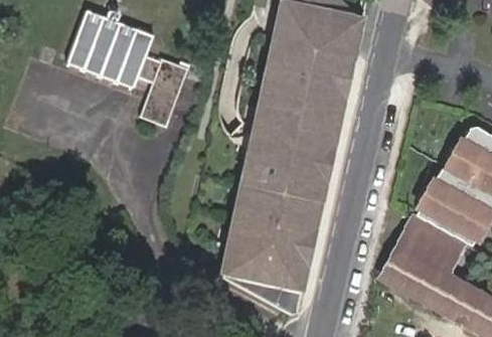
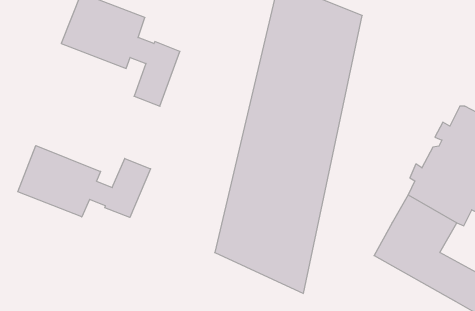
building: none -> [18,146,151,217]

